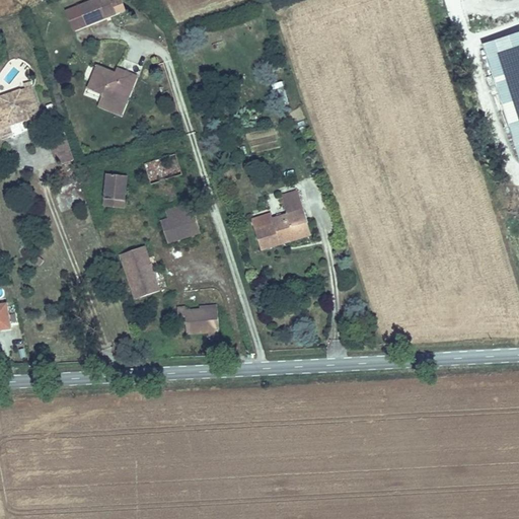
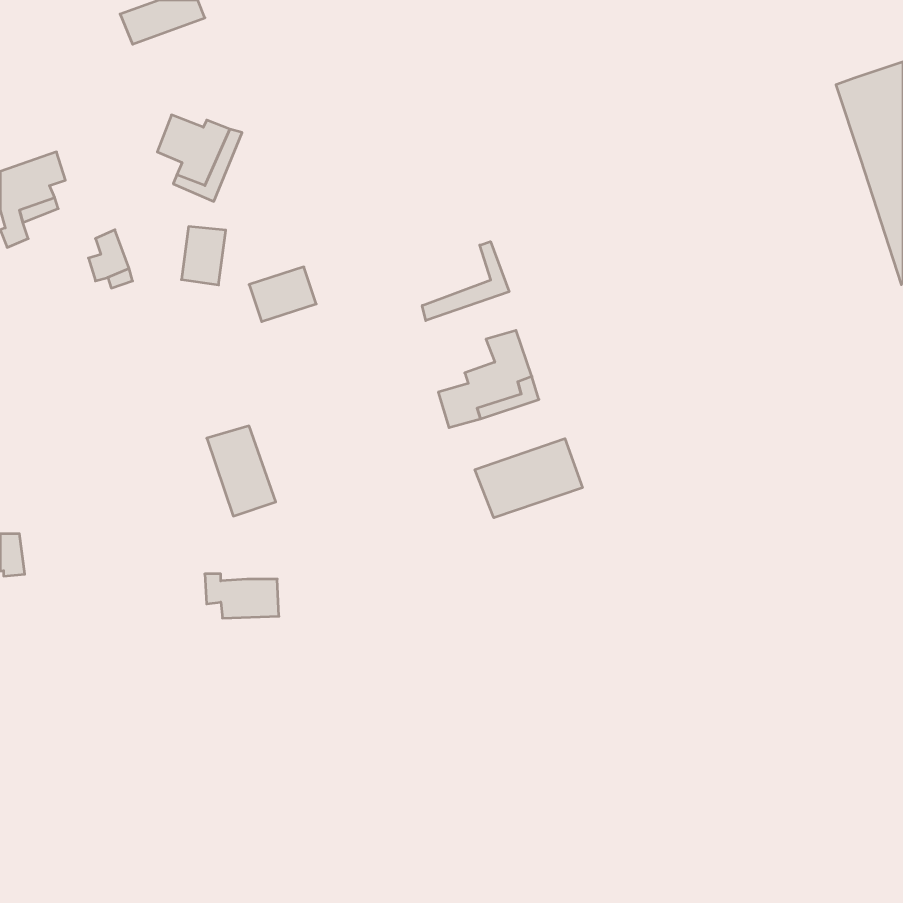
building: none -> [422,242,509,321]
building: [103,173,129,207] -> [181,227,226,285]
building: [158,204,200,242] -> none
building: none -> [475,439,582,518]
building: [176,306,219,331] -> [205,574,279,618]

